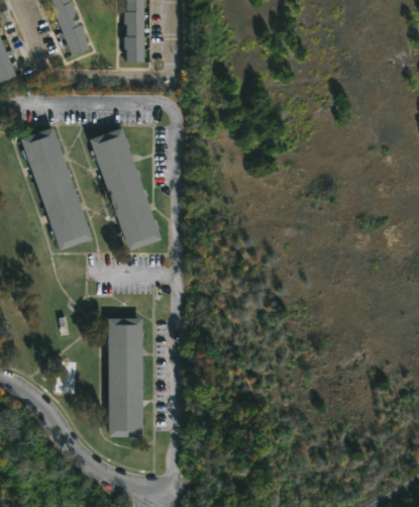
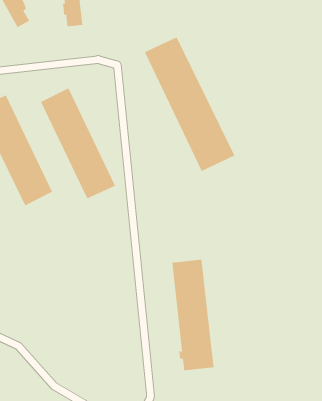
building: none -> [144,36,235,172]
building: [105,318,142,438] -> [171,259,214,371]

